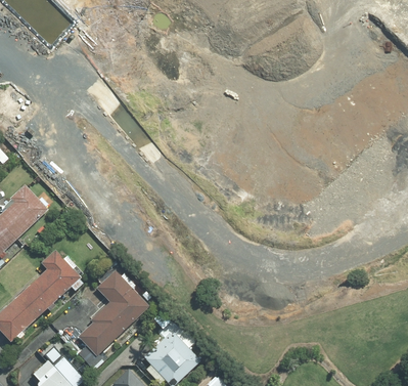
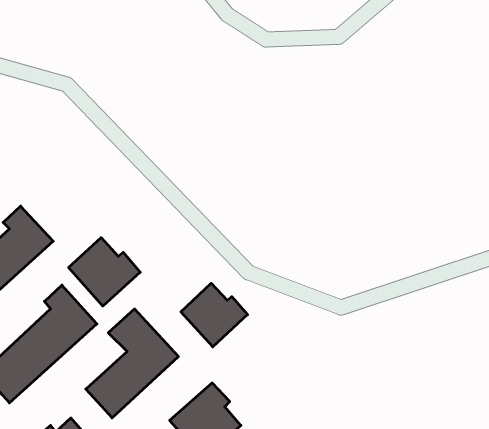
building: none -> [69,238,140,306]
building: none -> [181,283,248,347]

